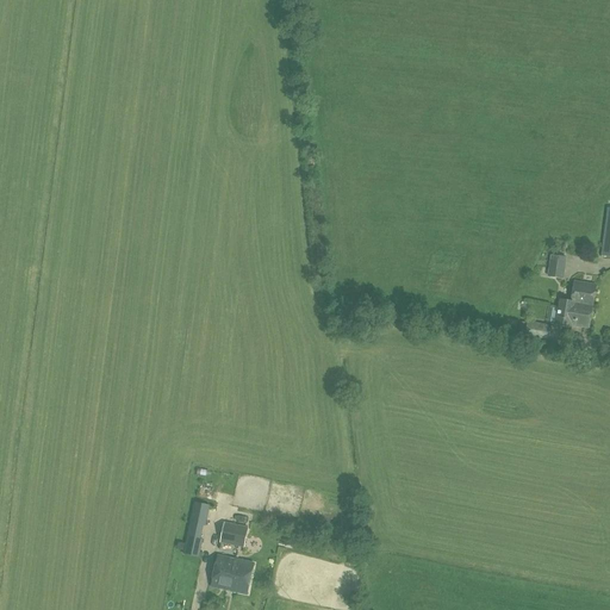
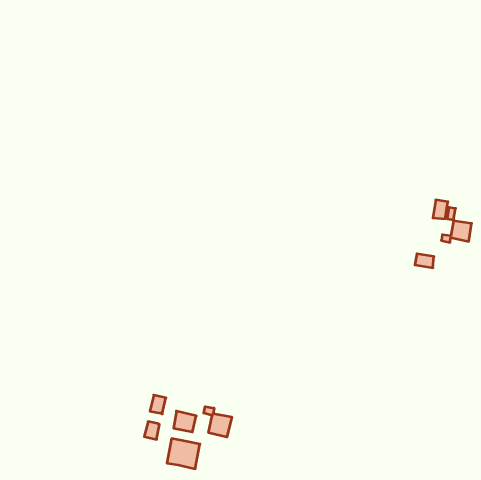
building: [554,300,592,326] -> none
building: none -> [204,407,232,437]

